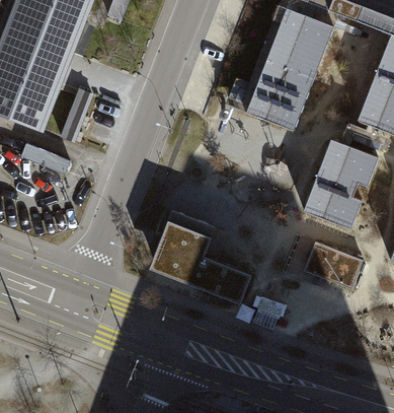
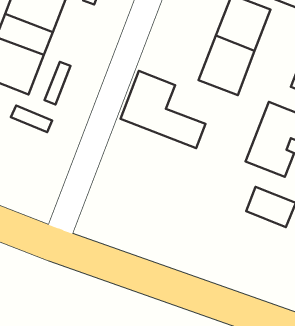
building: [149,210,251,303] -> [120,71,205,148]

